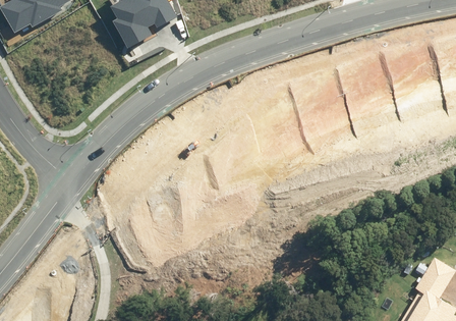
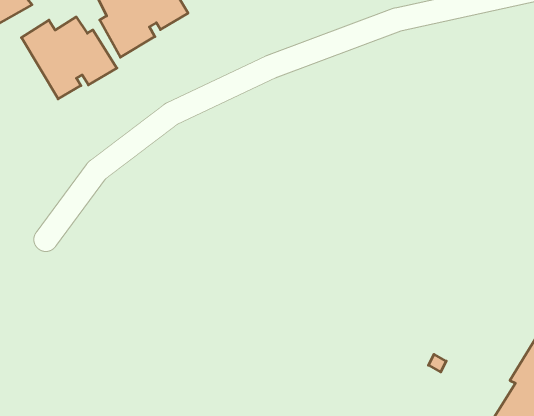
building: none -> [21,17,117,99]

